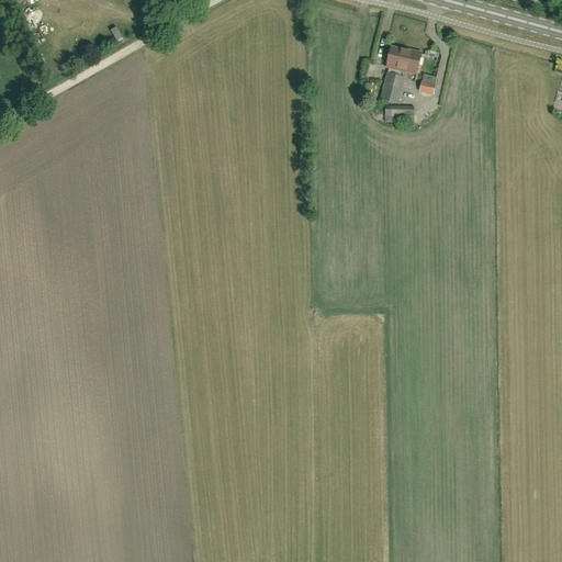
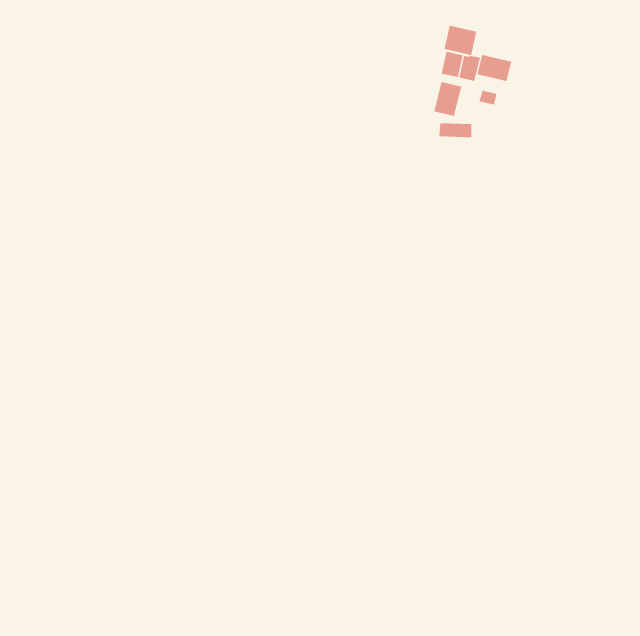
building: none -> [444,25,477,56]
building: none -> [477,54,512,82]

